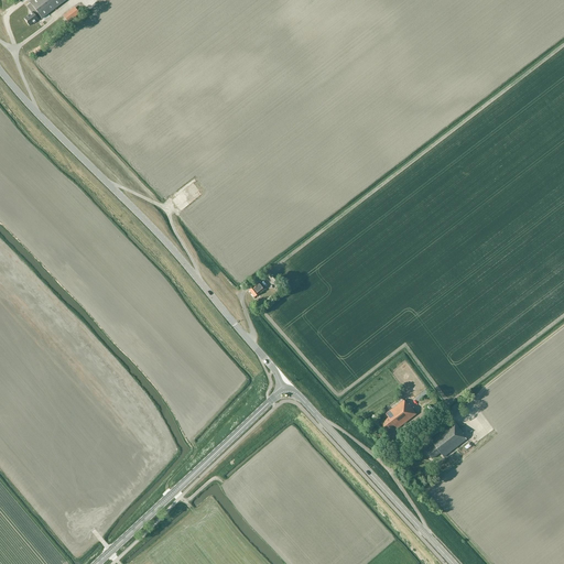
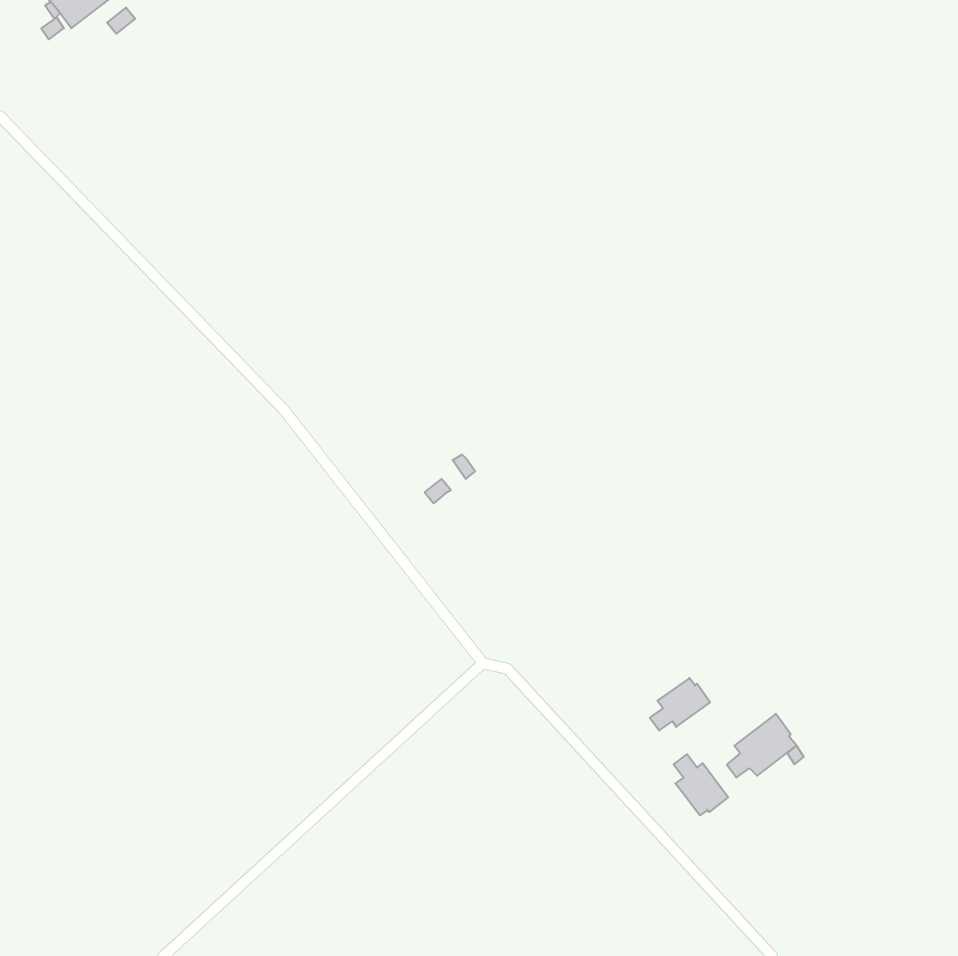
building: none -> [674,754,728,815]

